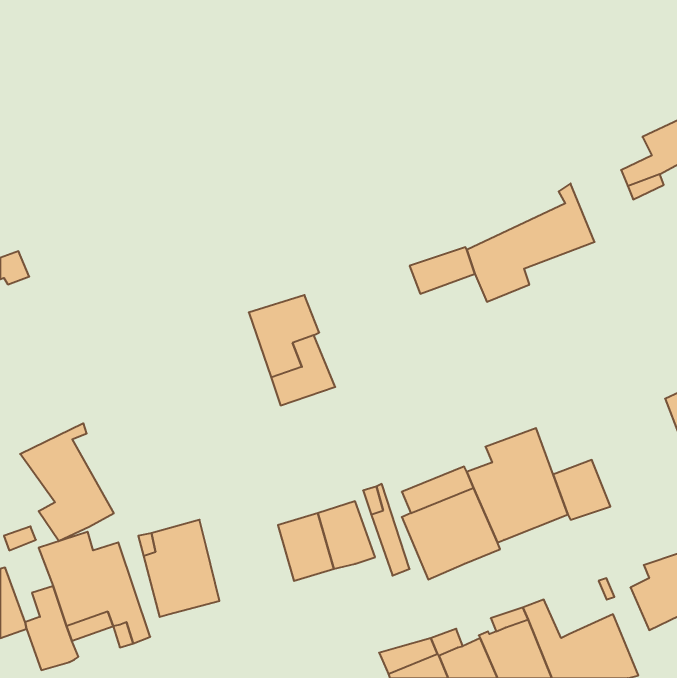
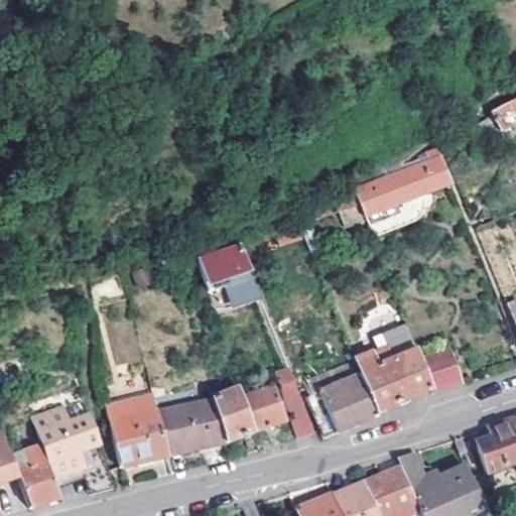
building: [20,423,114,541] -> none
building: none -> [158,398,225,456]

